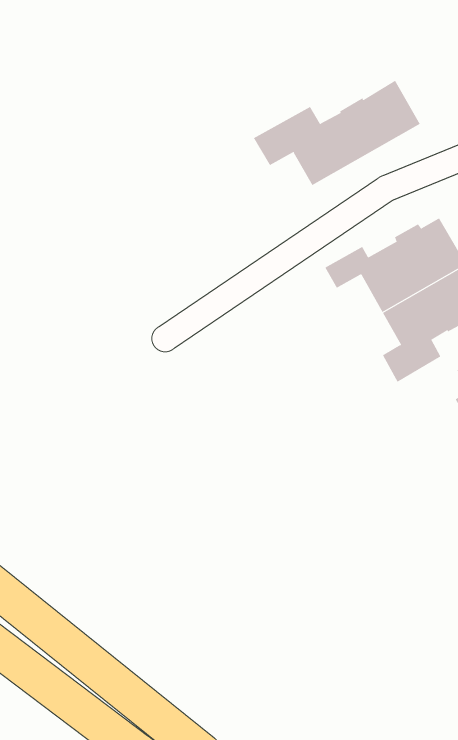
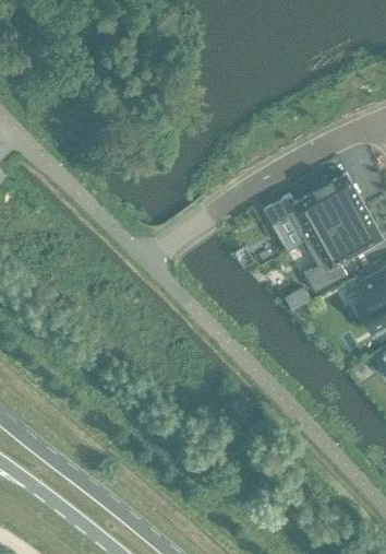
building: [253,80,421,186] -> none

